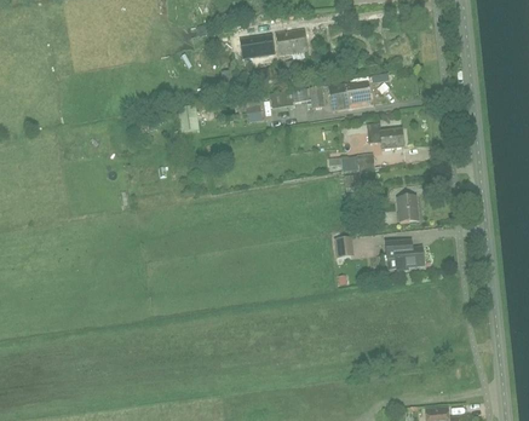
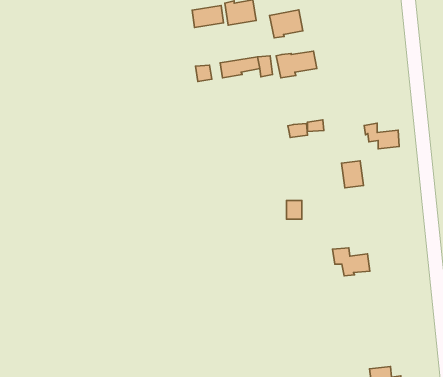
building: none -> [270,10,303,38]
building: [367,121,403,148] -> [364,123,399,149]
building: [385,240,424,269] -> [332,248,370,276]

